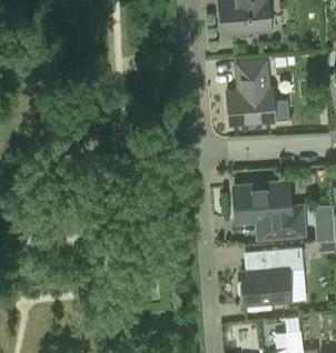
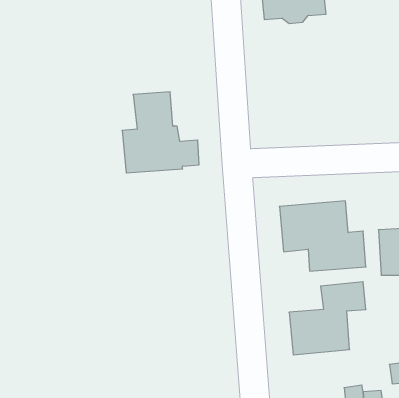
building: [227,62,289,128] -> [122,92,199,173]

